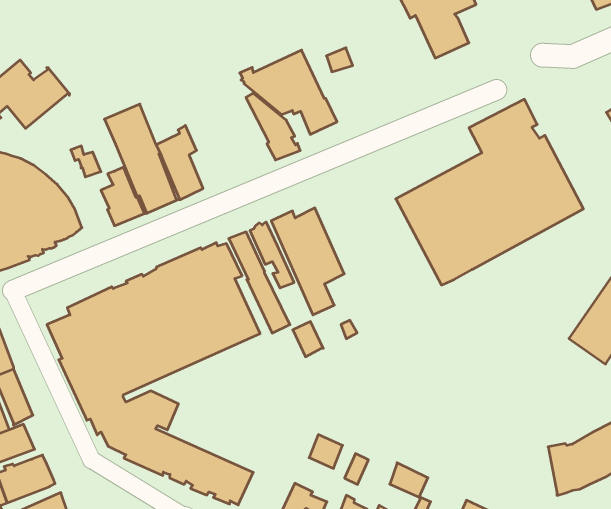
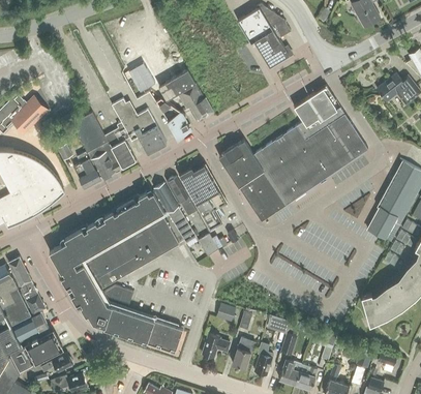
building: none -> [128,64,155,93]
building: none -> [112,99,167,154]
building: none -> [218,141,287,222]

